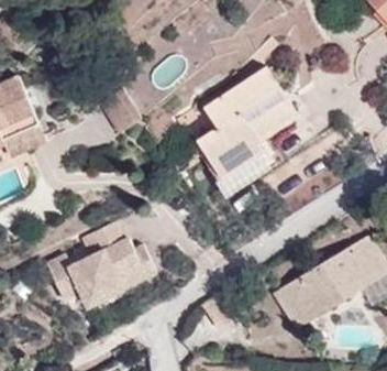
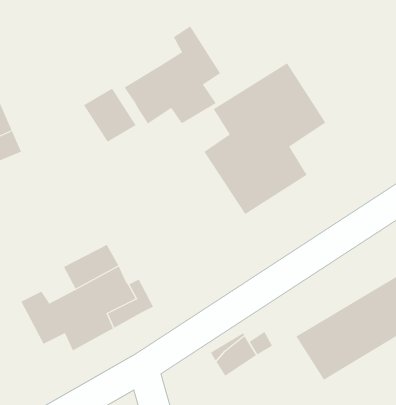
building: none -> [124,25,221,124]

